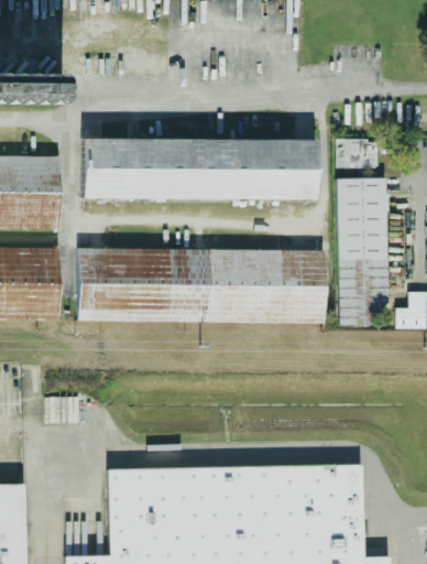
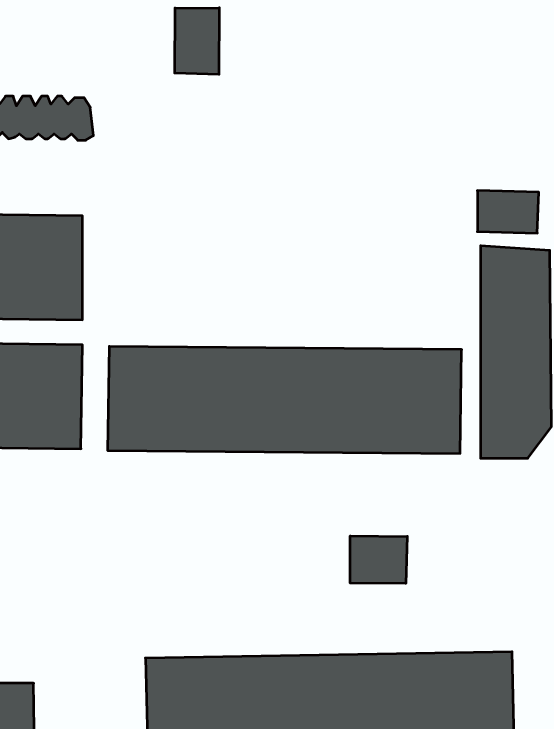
building: none -> [175,8,219,74]
building: [81,138,316,200] -> none
building: none -> [350,536,407,583]

